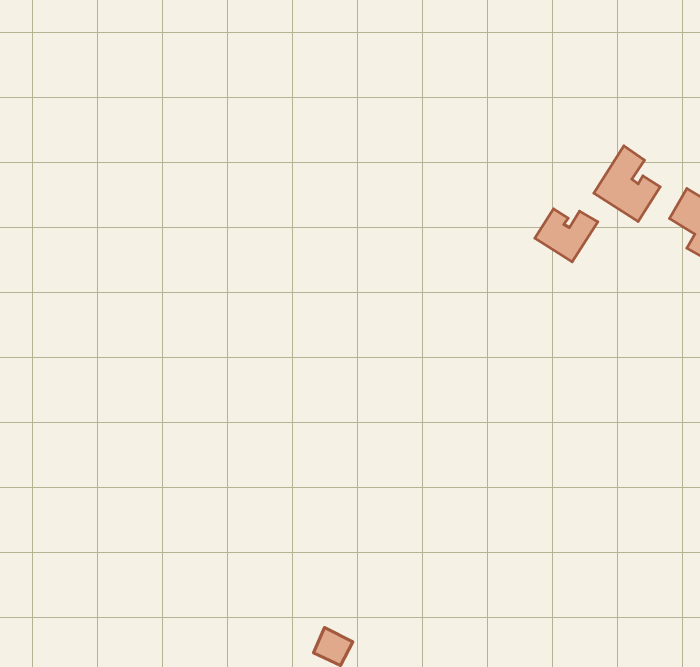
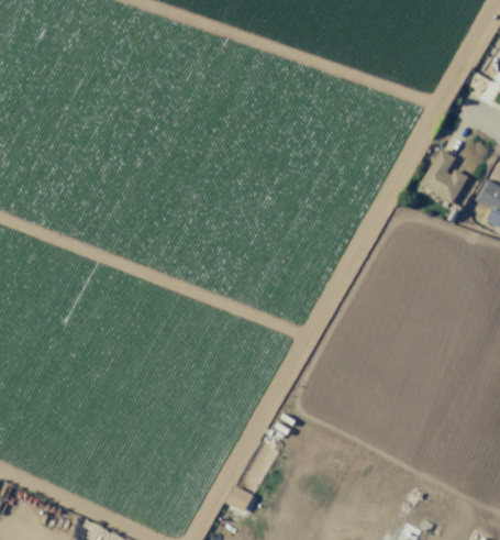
building: [535,209,598,262] -> none

